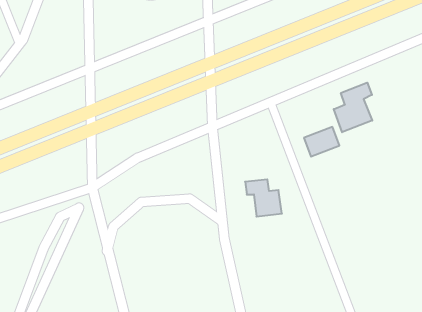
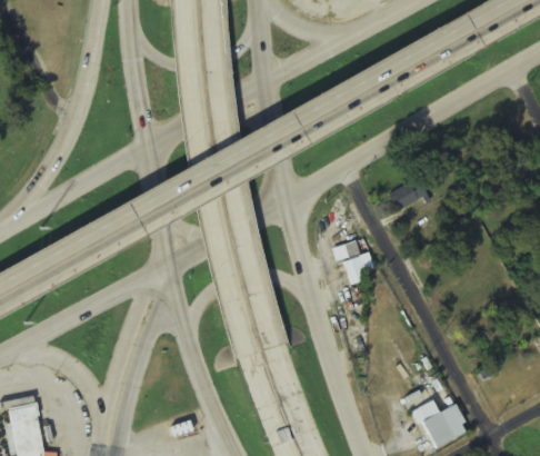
building: [334,83,372,132] -> none

